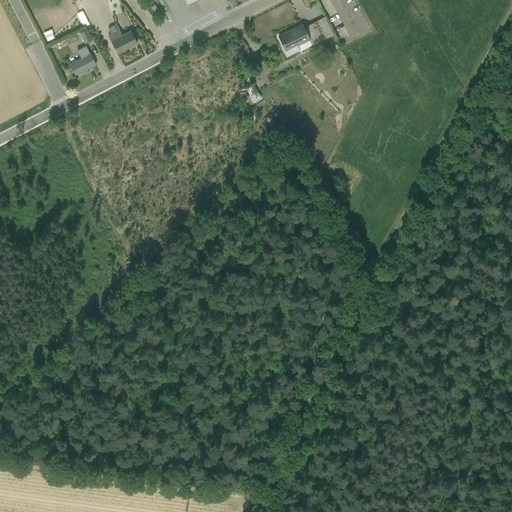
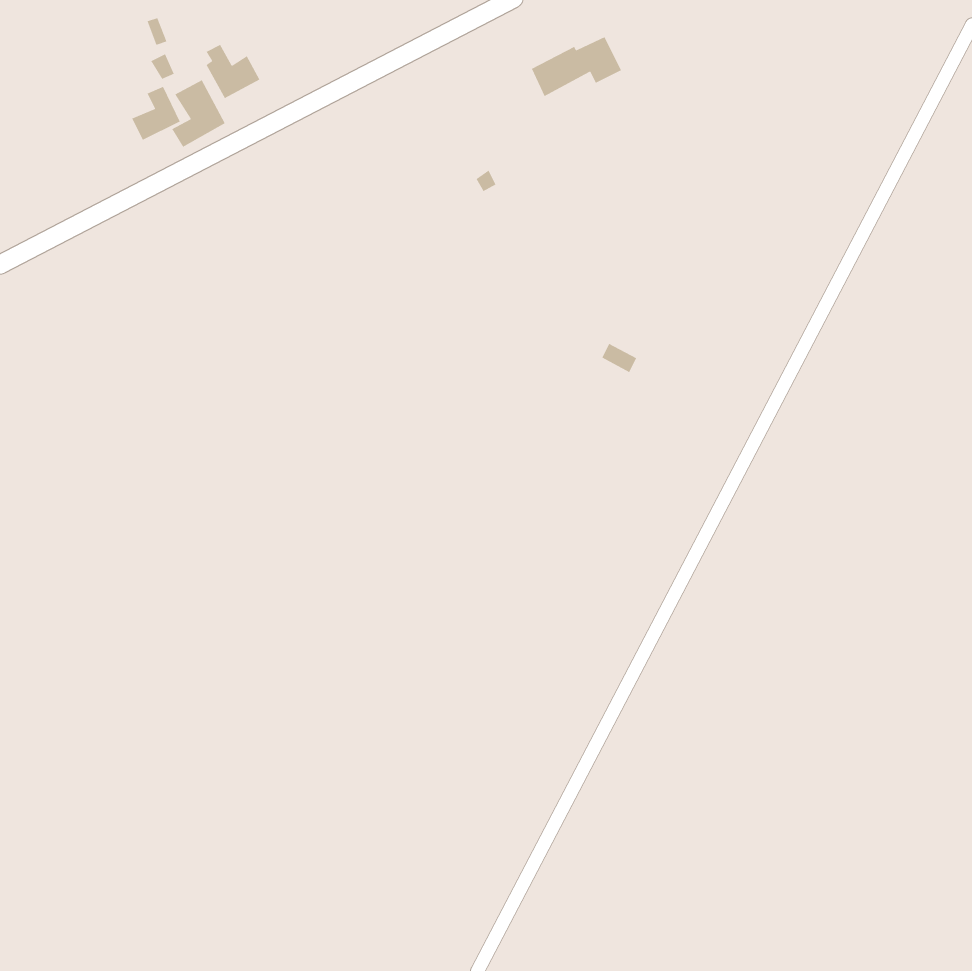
building: none -> [171,79,226,148]

